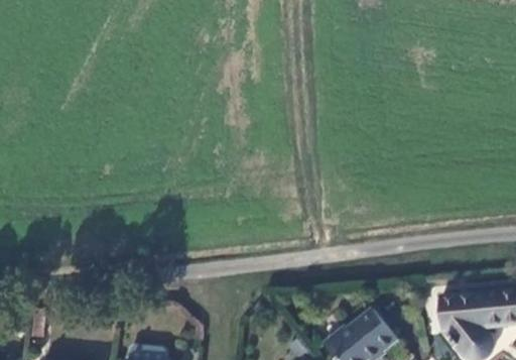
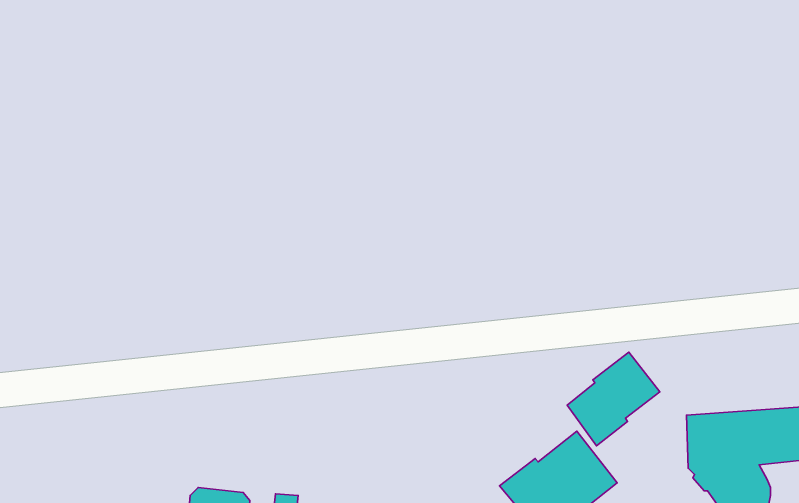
building: none -> [567,352,660,446]

